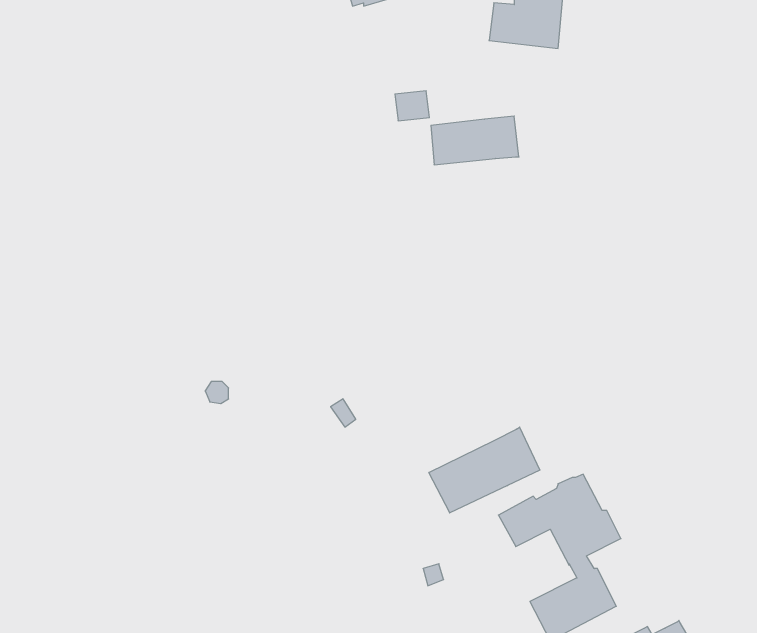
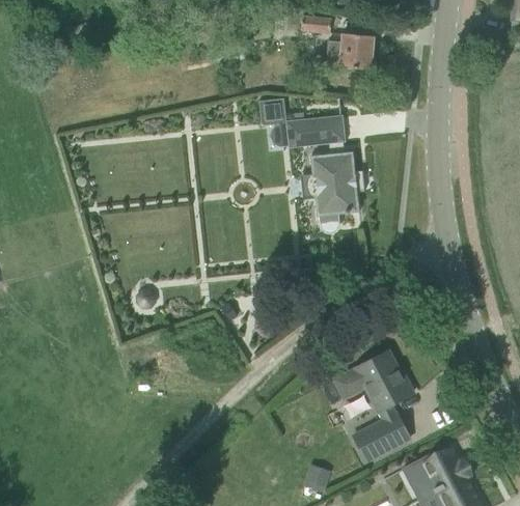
building: none -> [310,151,364,221]
building: [429,427,540,513] -> none

